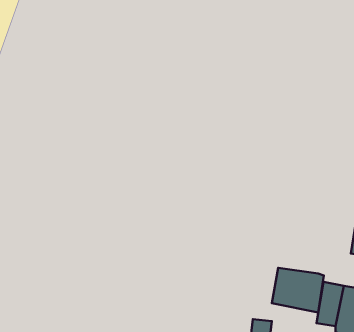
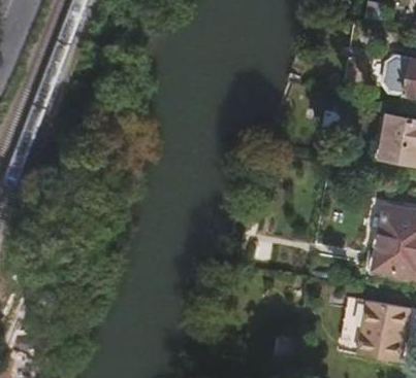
building: [272,268,324,313] -> none

